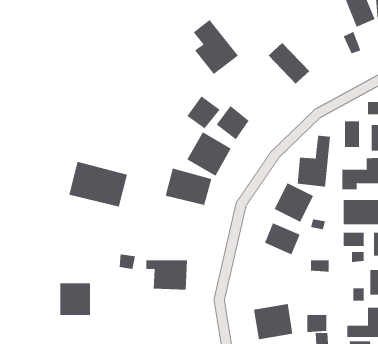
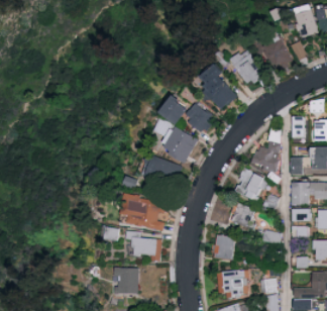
building: [193,19,239,75] -> [200,65,238,111]
building: none -> [262,36,292,71]
building: [68,161,128,207] -> [118,193,168,231]
building: none -> [215,235,233,258]
building: [59,283,91,316] -> [112,268,138,295]

